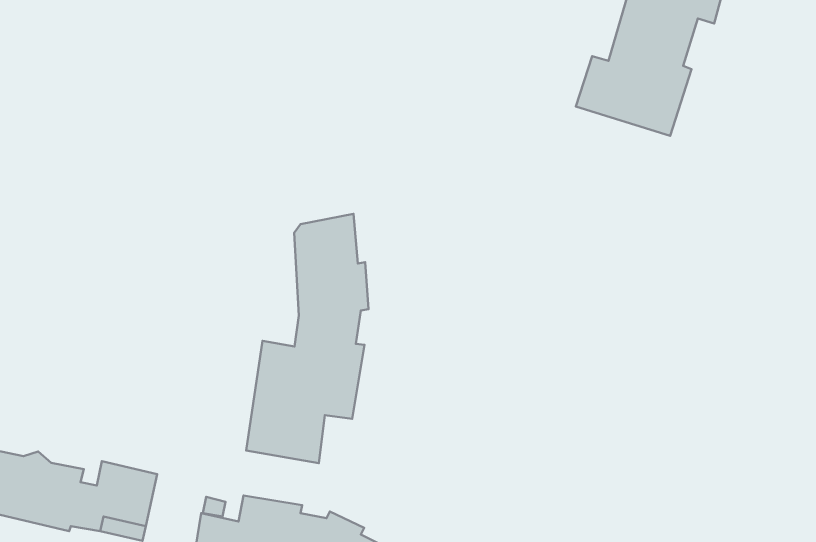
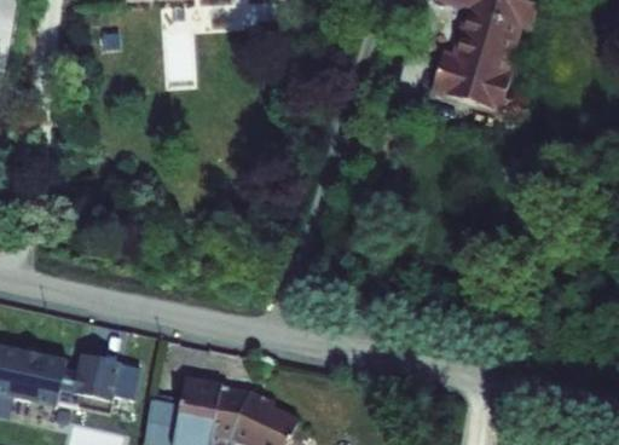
building: [246,214,368,463] -> none

